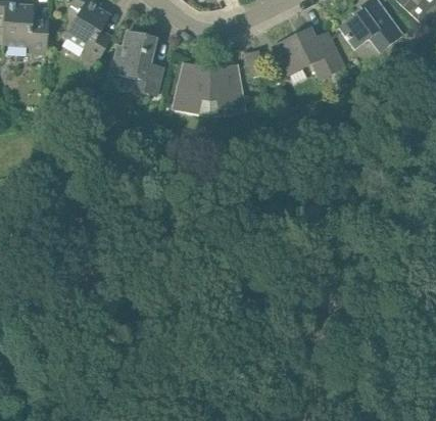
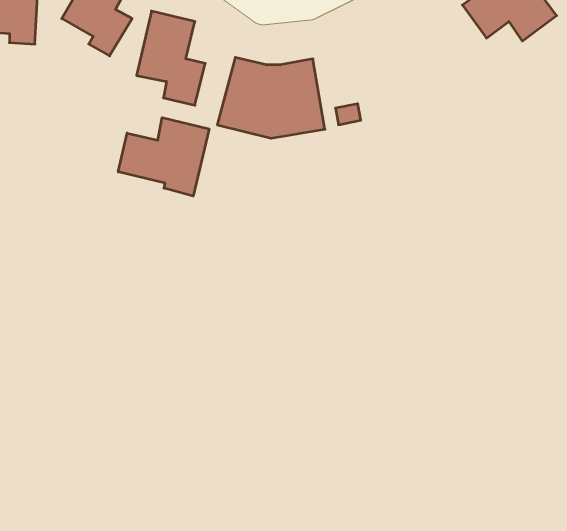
building: [272,28,345,80] -> none
building: none -> [118,118,209,196]

